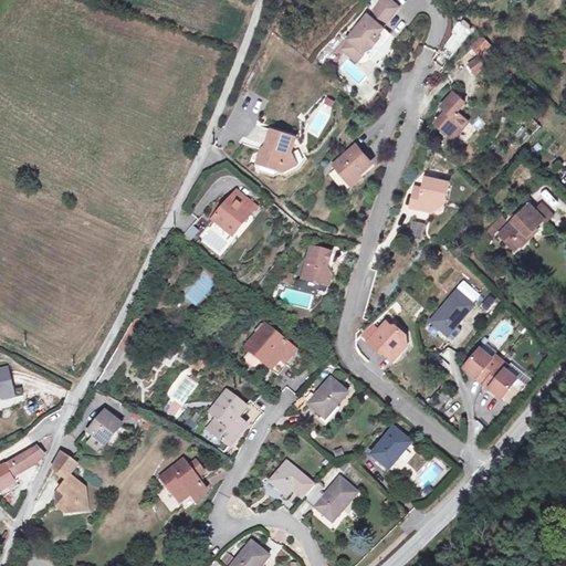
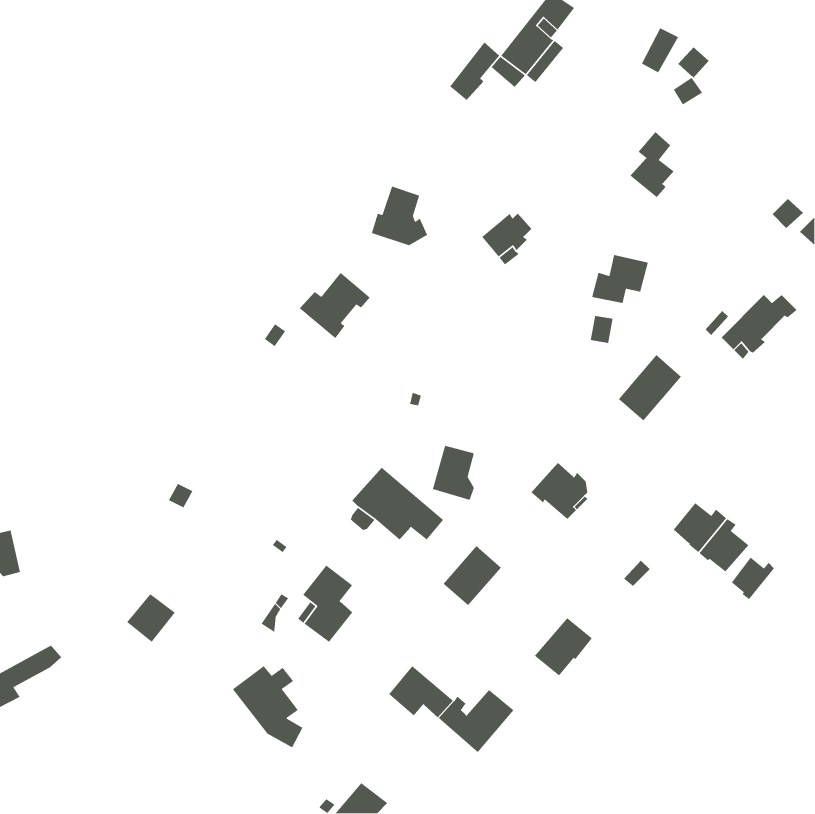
building: [301,245,331,284] -> [432,445,475,501]
building: [430,289,474,335] -> [618,354,682,421]
building: none -> [731,557,775,600]
building: [52,451,86,512] -> none

